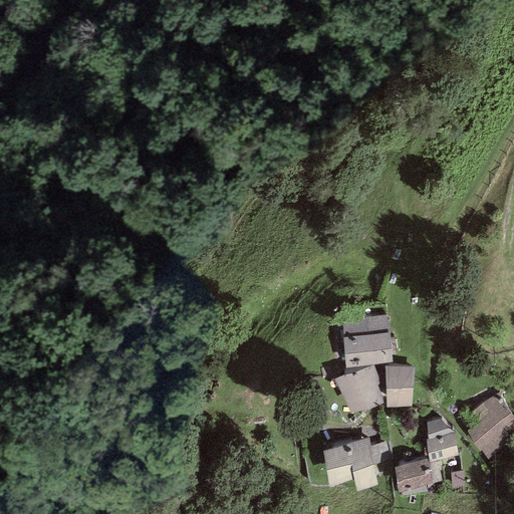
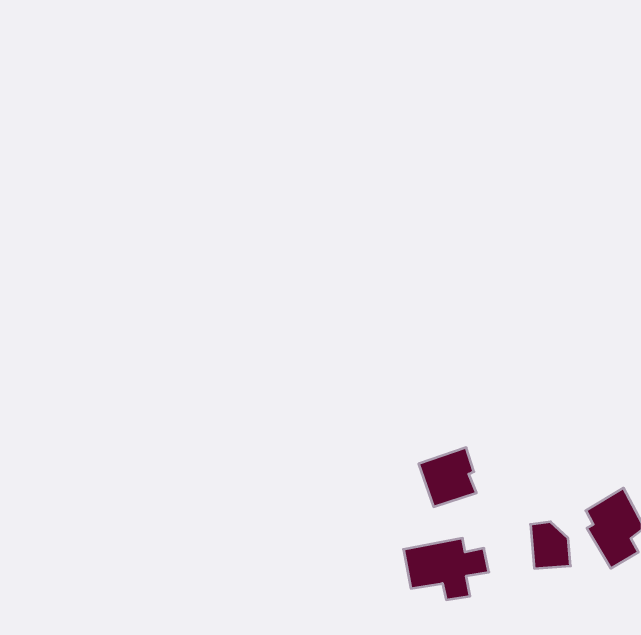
building: [342,317,393,362] -> none
building: [386,364,415,406] -> none
building: [396,458,433,488] -> none

